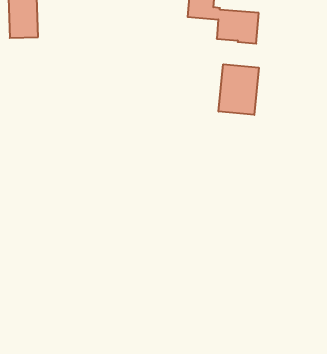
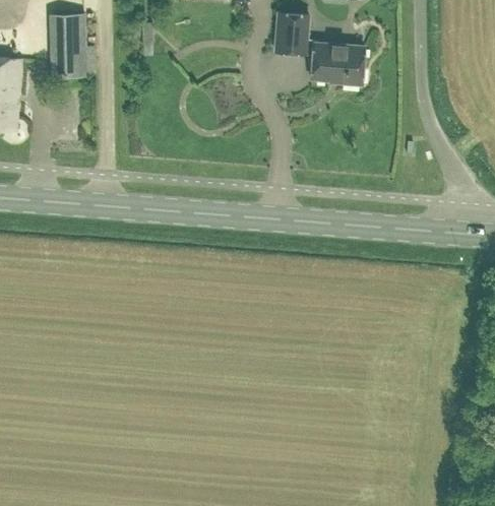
building: [219,64,259,115] -> none

